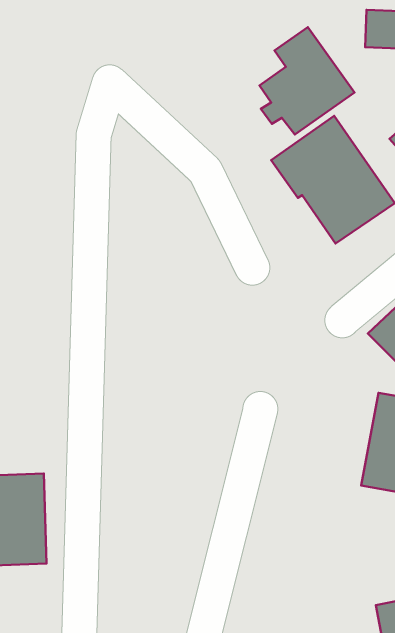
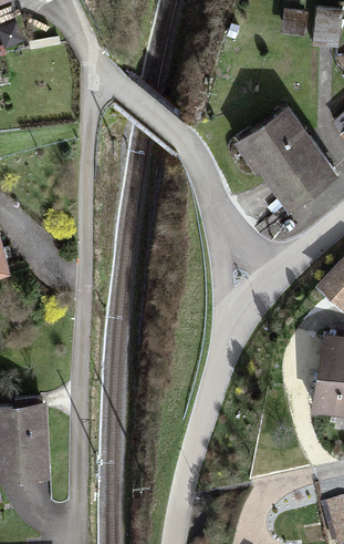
building: [259,27,355,135] -> none

